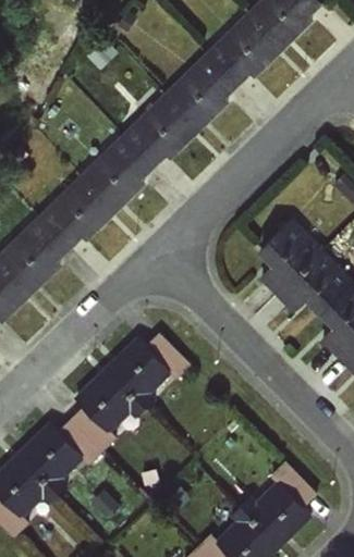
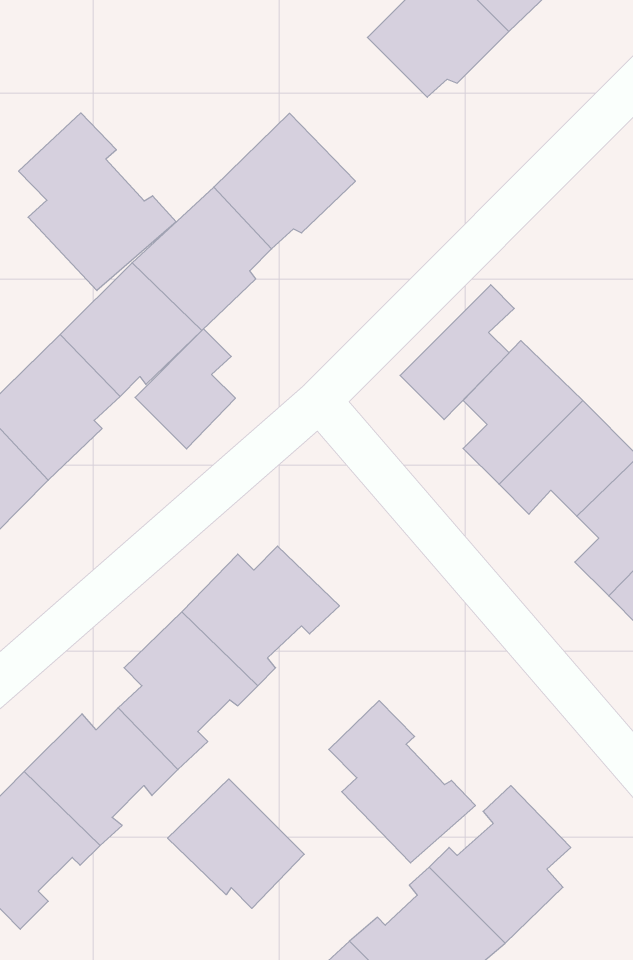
building: [163,52,239,131] -> none
building: none -> [19,113,176,291]
building: none -> [400,285,514,420]
building: none -> [135,329,235,449]
building: none -> [329,701,475,863]
building: none -> [168,779,304,908]

